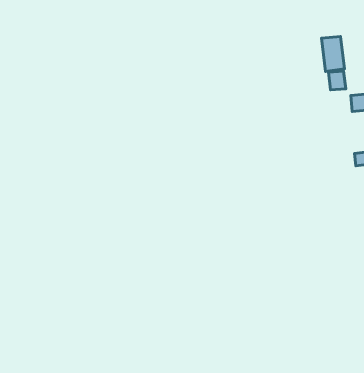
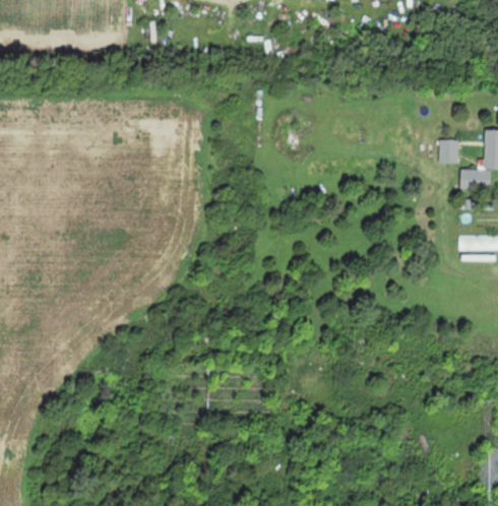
building: [321,36,344,71] -> none

